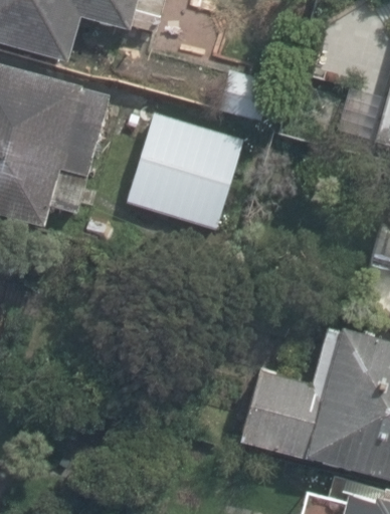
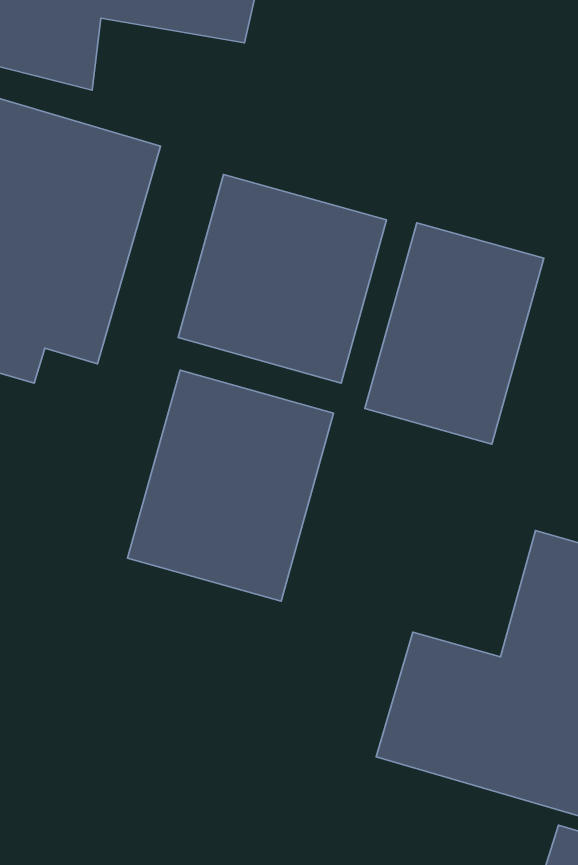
building: none -> [365,223,544,444]
building: none -> [128,370,334,601]

